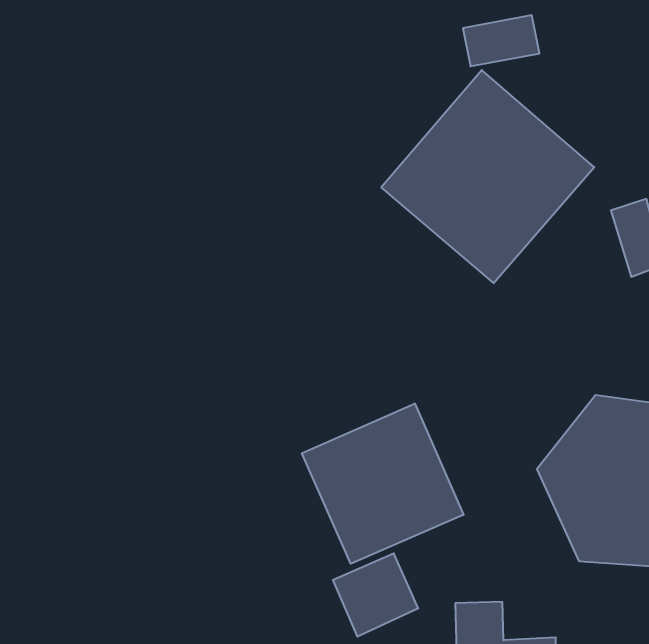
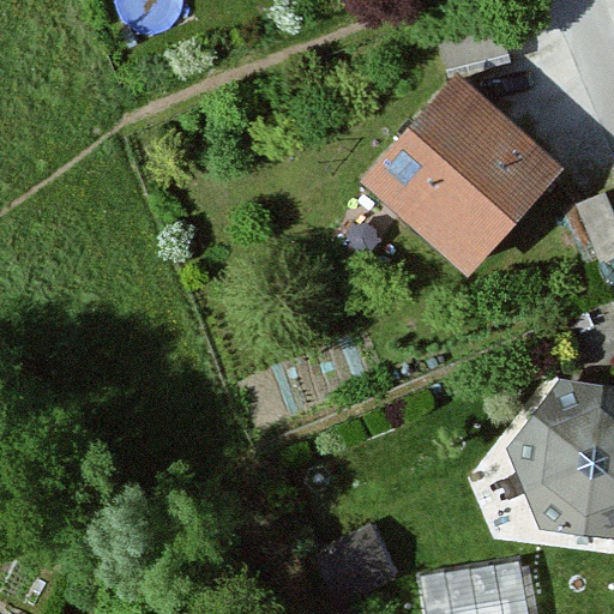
building: [302,403,464,564] -> none

